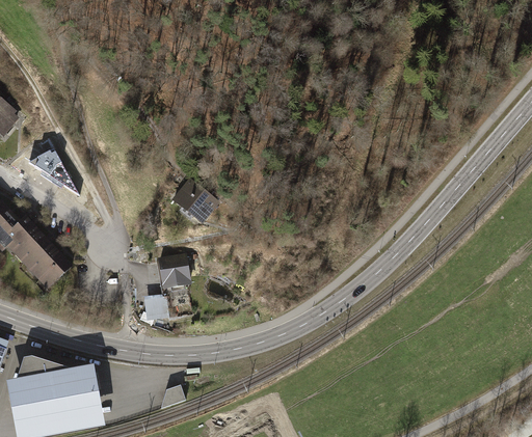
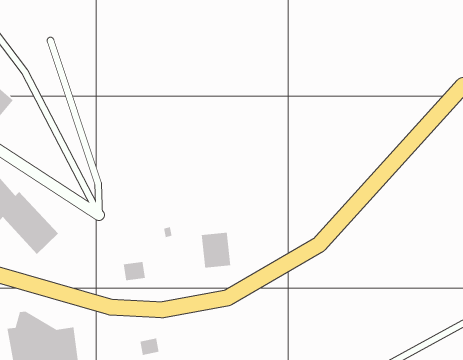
building: [28,147,77,192] -> none
building: [168,180,218,227] -> none
building: [156,255,190,297] -> [201,232,231,268]

